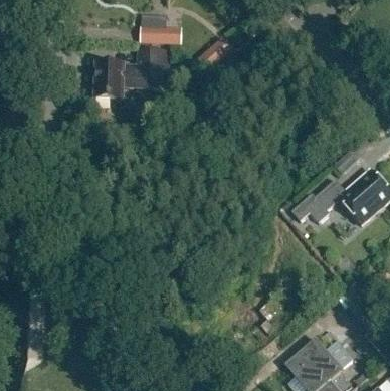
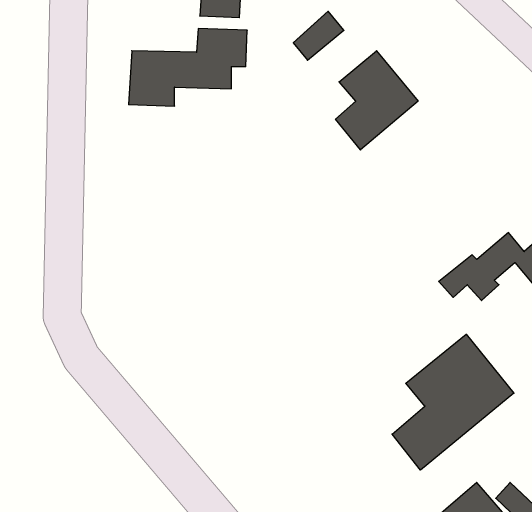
building: none -> [336,51,418,150]
building: none -> [392,334,514,470]

